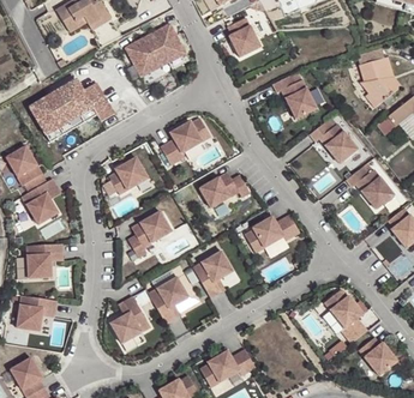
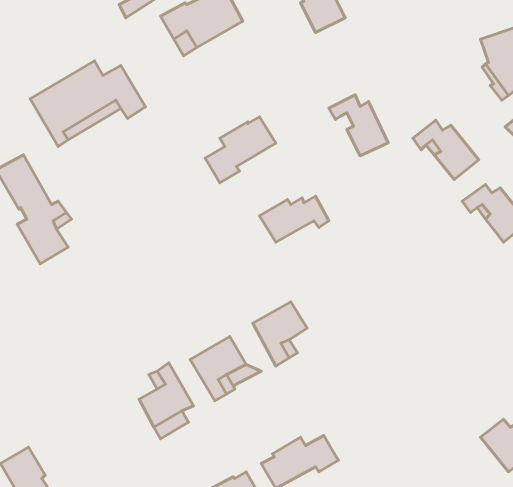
building: [272,73,316,117] -> [329,95,388,156]
building: [108,157,148,194] -> none
building: [128,211,172,257] -> none
building: [245,215,300,253] -> none
building: [26,243,61,278] -> none
building: [324,289,367,343] -> none
building: [14,295,54,331] -> none

